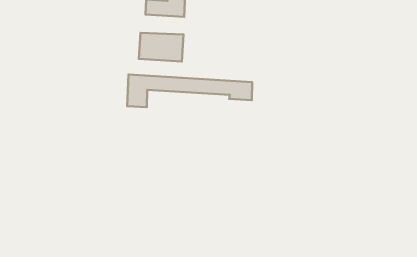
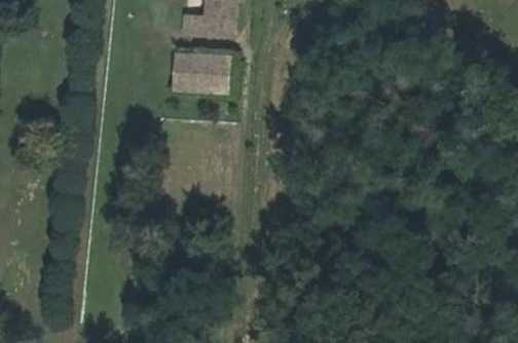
building: [127,74,252,107] -> none

